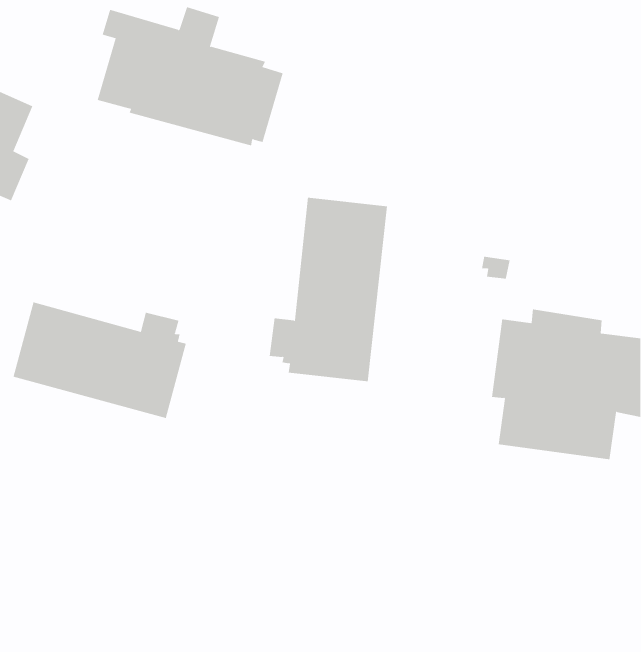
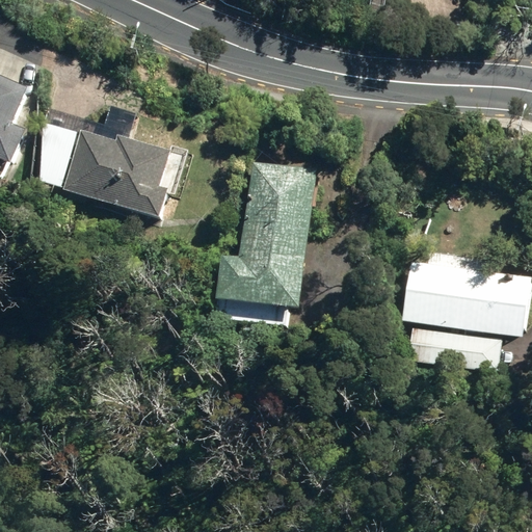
building: [97,7,284,146] -> [32,104,184,217]
building: [13,301,187,419] -> none

